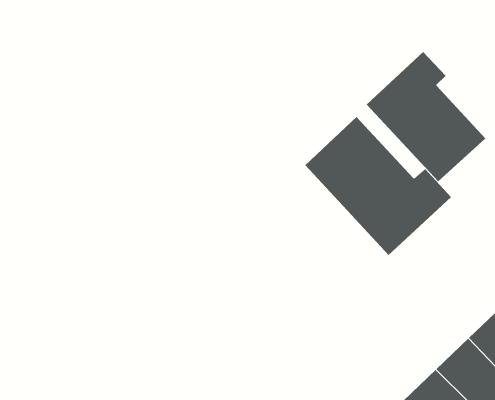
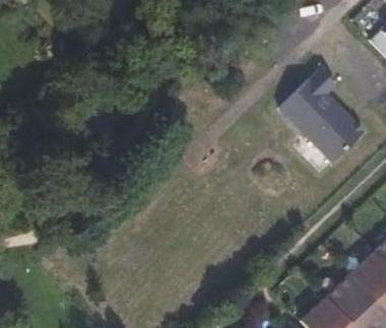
building: [305,116,452,256] -> none

